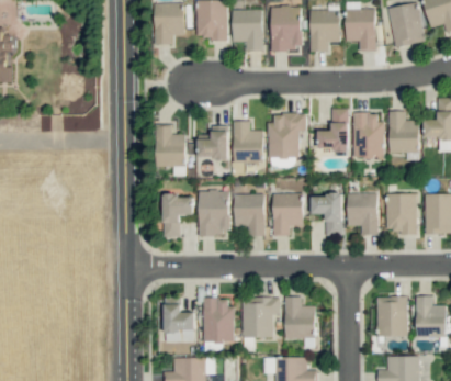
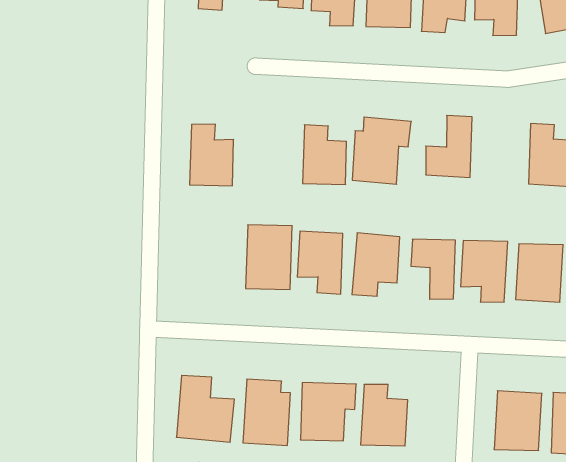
building: [353,113,384,158] -> none
building: [198,125,229,159] -> none
building: [164,195,194,237] -> none

